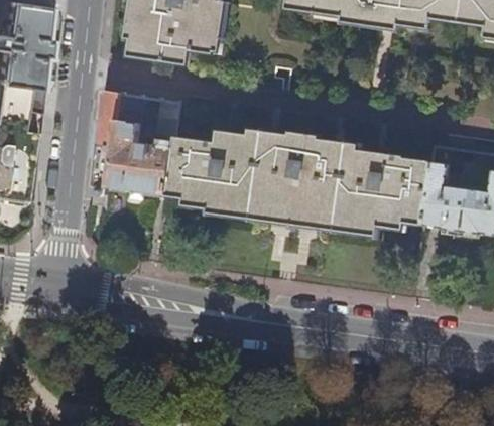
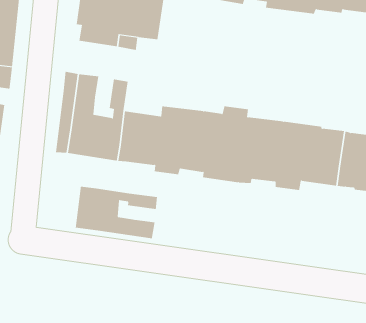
building: none -> [75,186,158,239]

